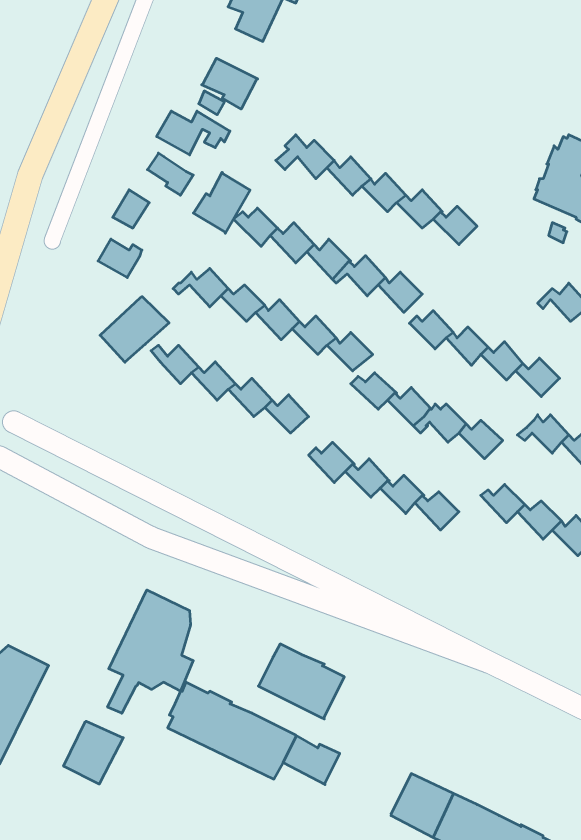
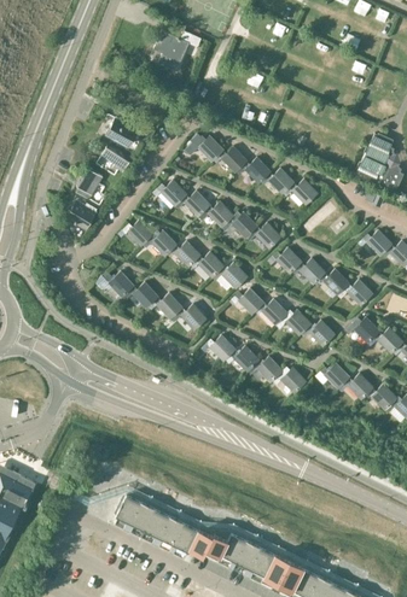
building: [202,58,258,109] -> none
building: [193,172,250,233] -> none
building: [100,297,169,362] -> none
building: [108,590,193,713] -> none
building: [258,644,344,719] -> [217,531,274,580]
building: [64,721,123,784] -> none

